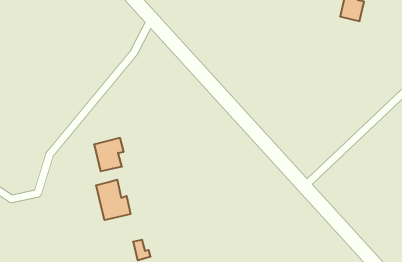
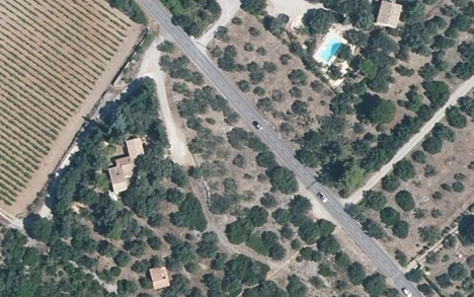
building: [96,180,131,220] -> none

